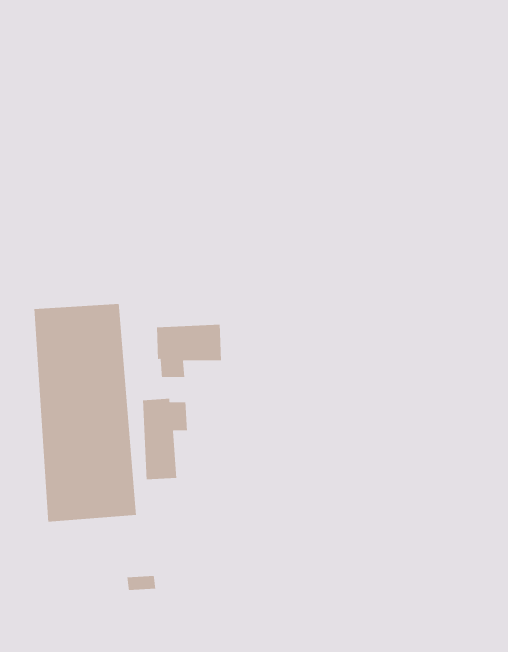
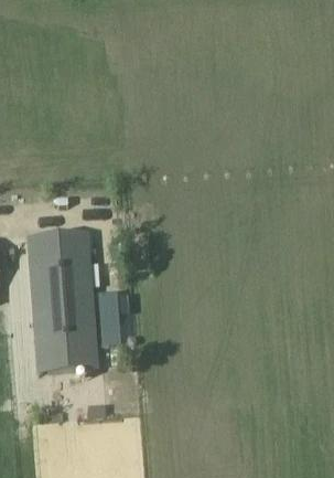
building: [156,324,222,378] -> none

